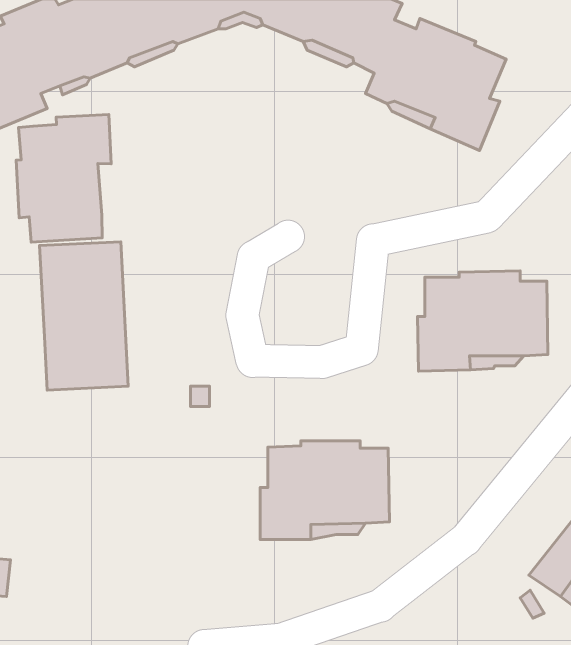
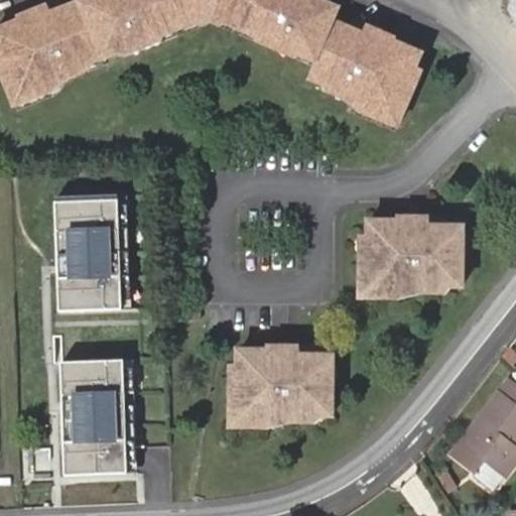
building: [16,115,111,242] -> none
building: none -> [59,358,129,476]

